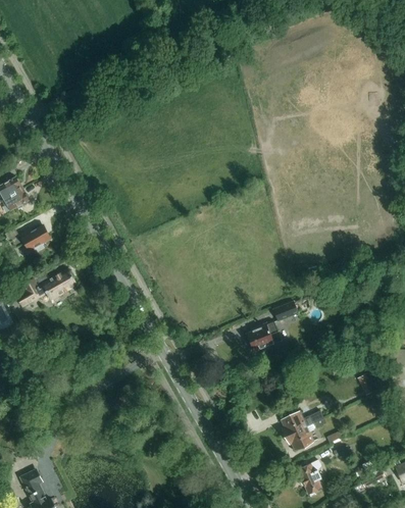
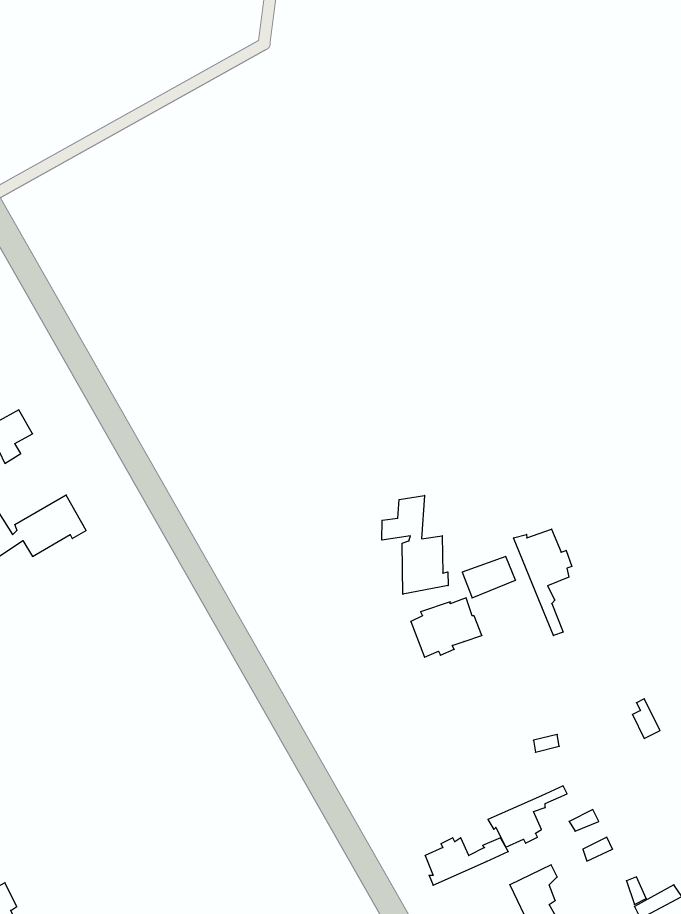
building: none -> [382,495,448,594]
building: none -> [513,529,572,636]
building: [282,412,324,437] -> [425,838,508,885]

